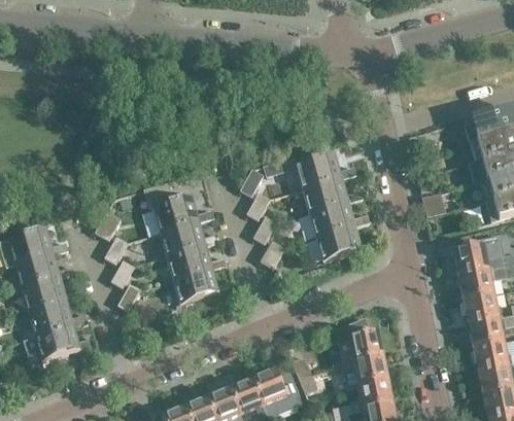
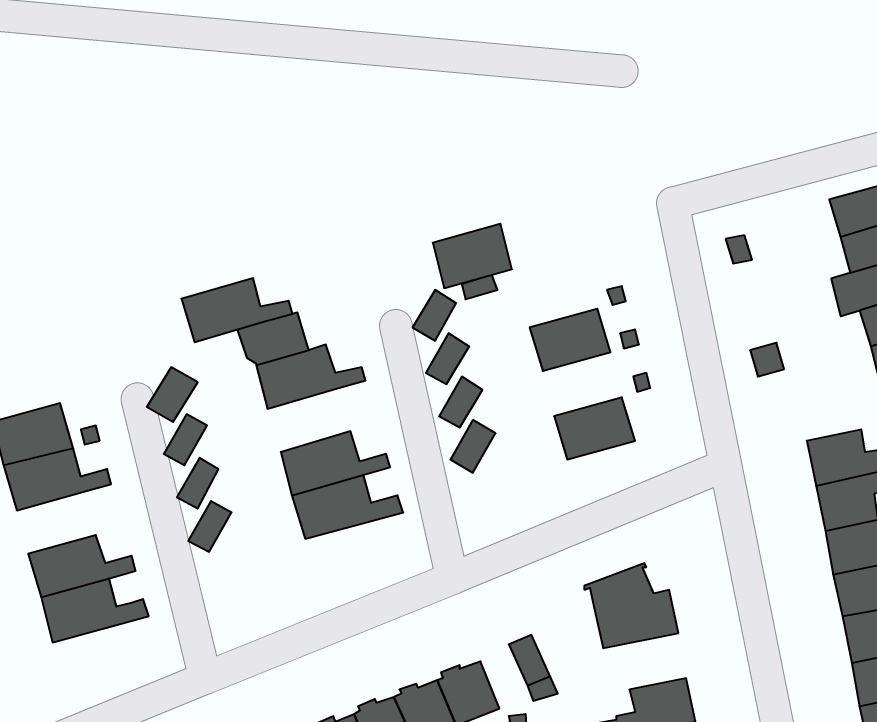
building: [297,153,340,188] -> [433,224,512,288]
building: [310,202,353,237] -> none
building: [160,221,220,256] -> [181,278,293,342]
building: [23,278,81,312] -> none
building: [343,355,388,386] -> none

